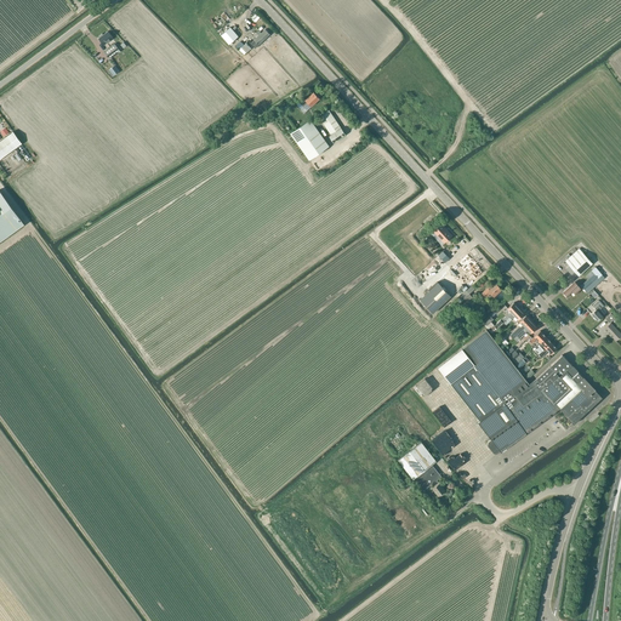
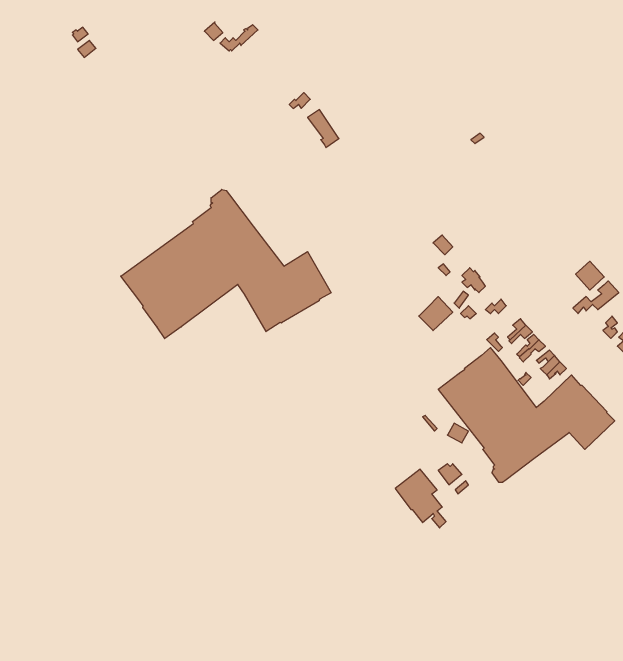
building: [290,119,329,160] -> none
building: none -> [121,189,331,339]

